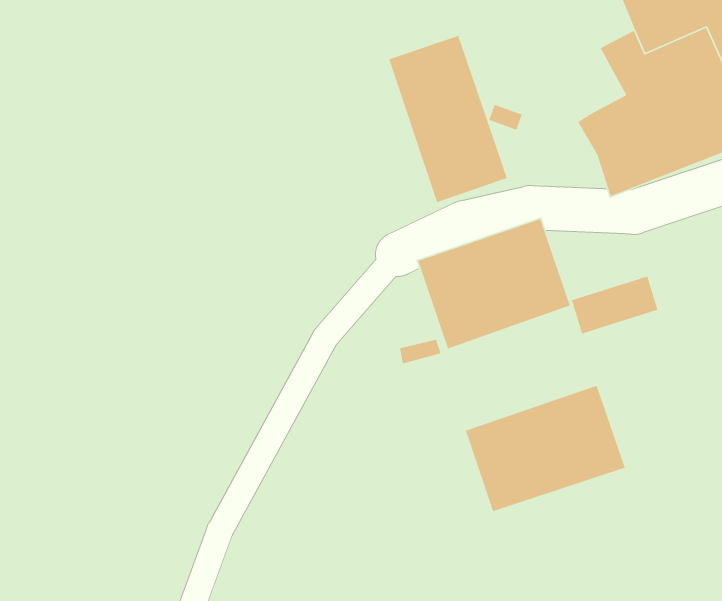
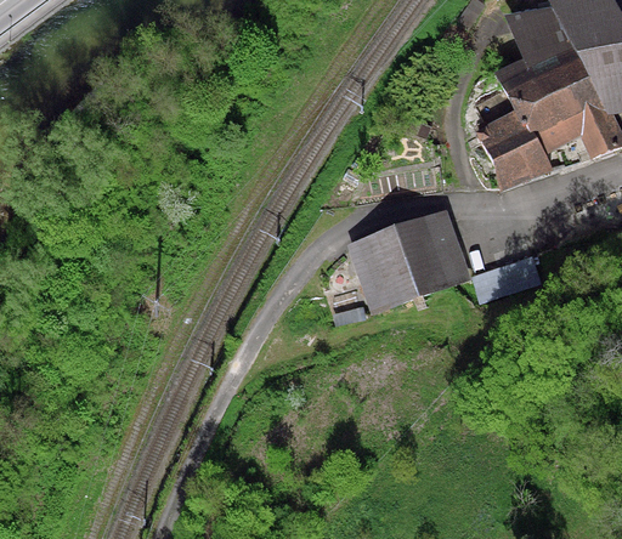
building: [388,35,508,203] -> none
building: [465,385,626,512] -> none

